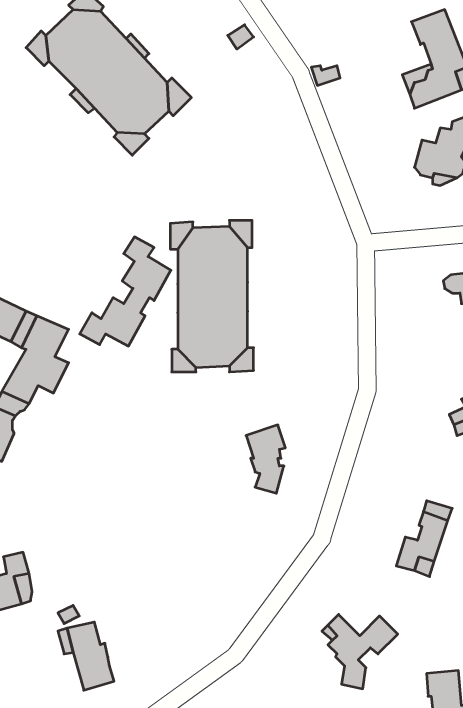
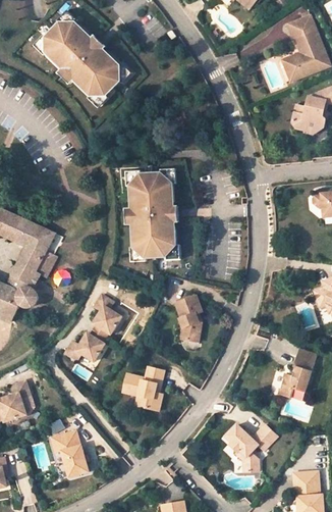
building: [80,237,171,346] -> [63,289,124,362]
building: none -> [17,287,40,308]
building: none -> [125,366,164,411]

